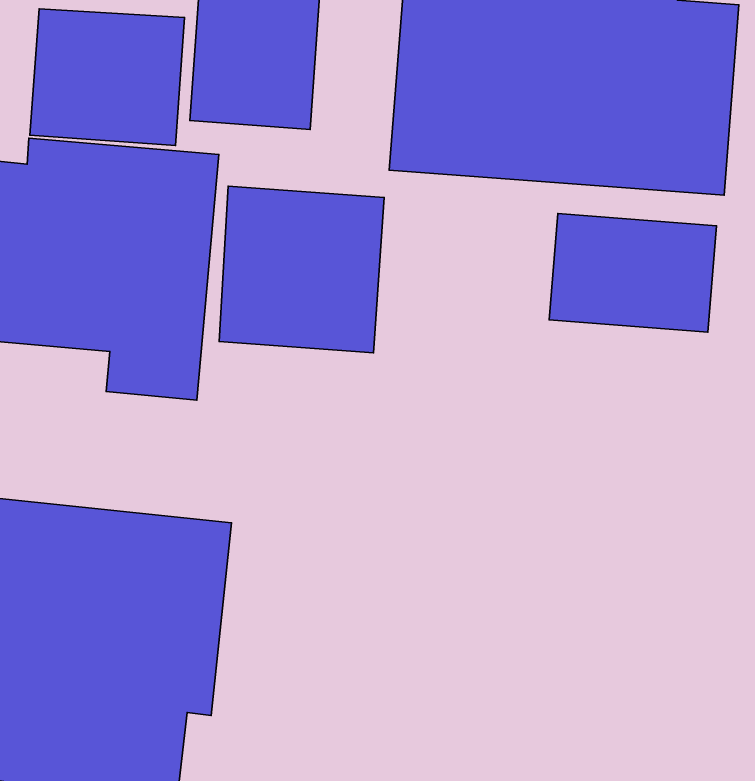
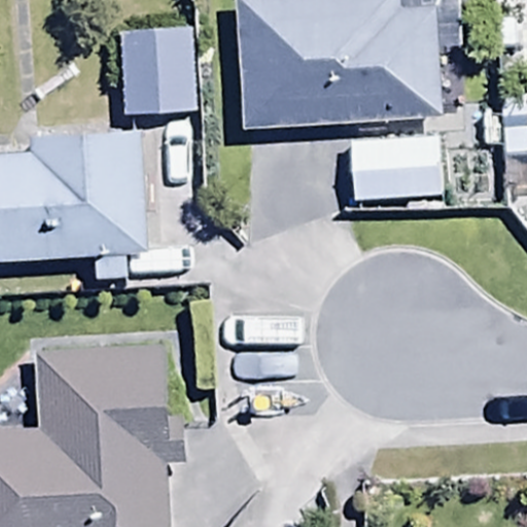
building: [30,9,185,145] -> none
building: [219,186,384,353] -> none

